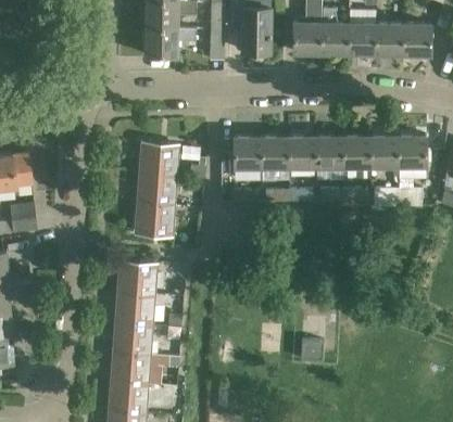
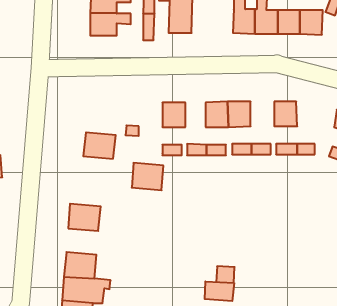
building: [293,24,322,53] -> none
building: [399,137,427,168] -> none
building: [342,138,372,168] -> none
building: [262,139,287,169] -> none
building: [139,145,178,179] -> none
building: [134,205,173,239] -> [132,163,163,190]
building: [115,294,154,327] -> none
building: none -> [205,281,234,301]

